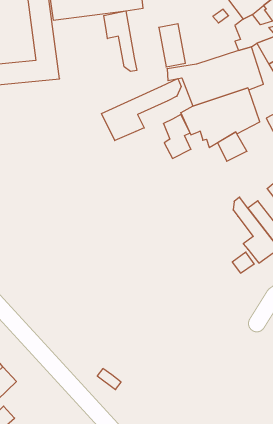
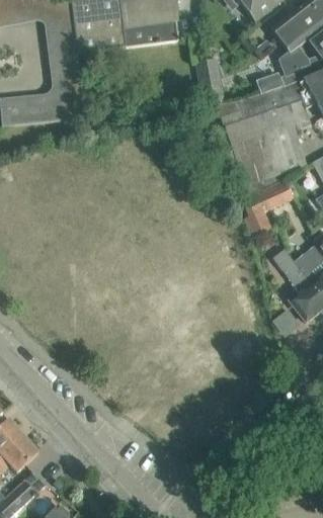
building: [104,11,137,71] -> none
building: [101,79,181,141] -> none
building: [163,114,191,158] -> [240,187,270,236]

